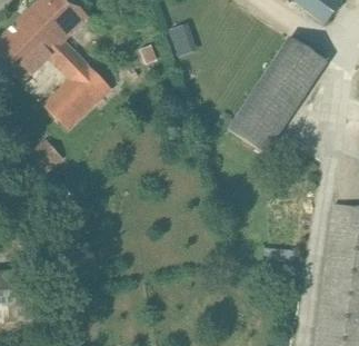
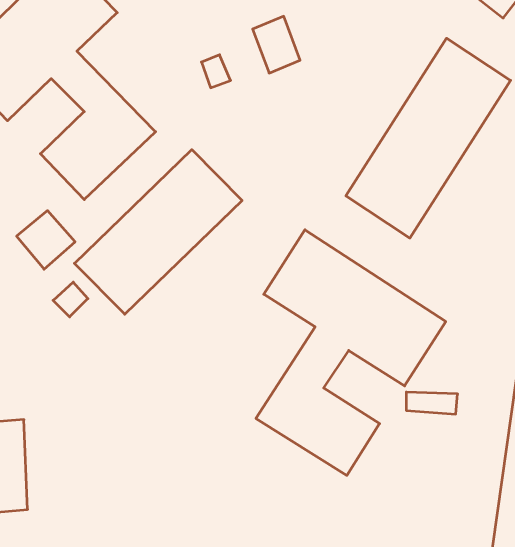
building: none -> [74,150,242,314]
building: none -> [256,230,446,475]

